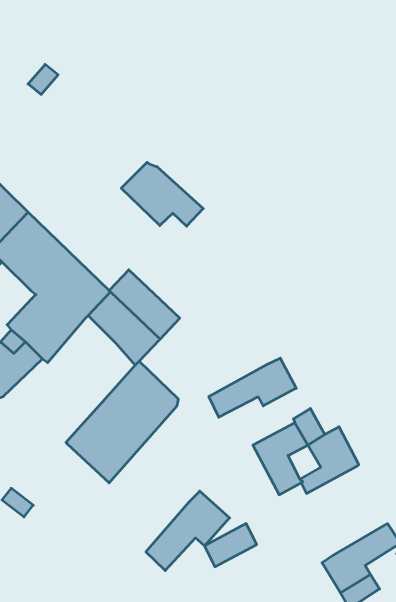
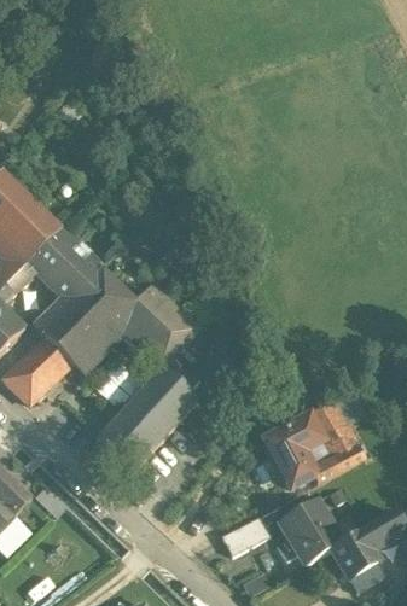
building: [121,162,203,226] -> none
building: [209,358,296,417] -> none
building: [146,491,230,571] -> none
building: none -> [279,501,341,565]

